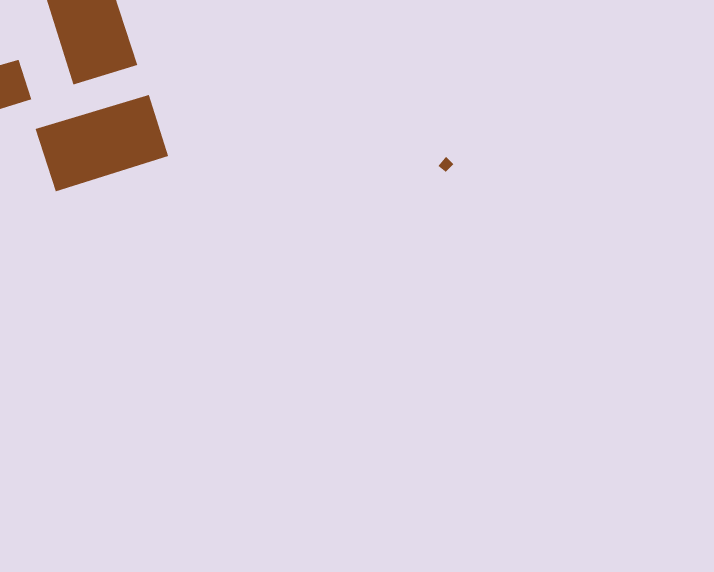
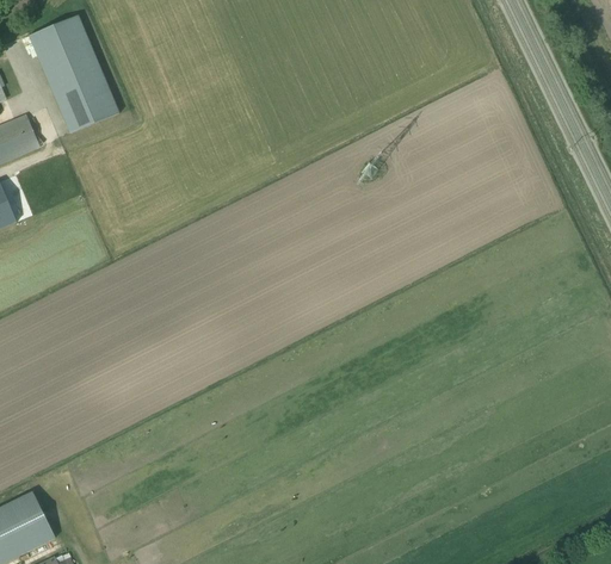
building: [35,94,169,192] -> none

